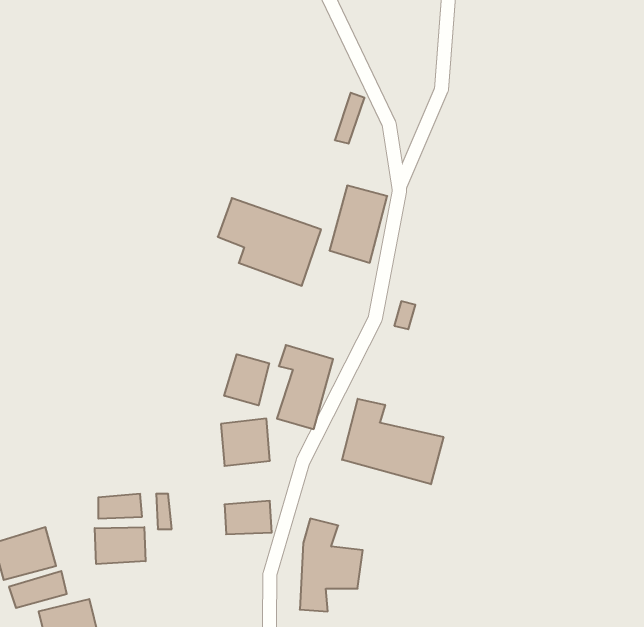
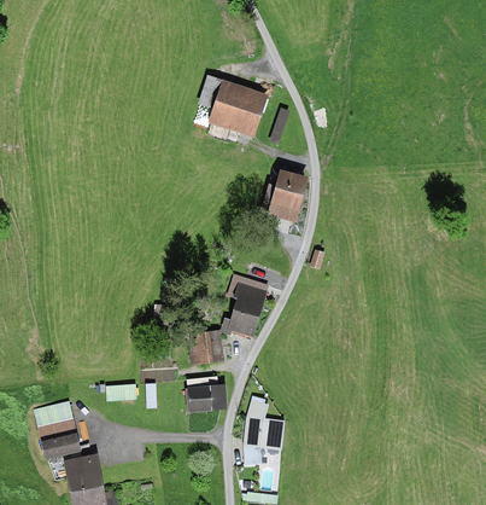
building: [218,198,321,286] -> [199,76,270,137]
building: [224,354,269,405] -> none
building: [342,399,443,484] -> none
building: [95,527,146,564] -> none

